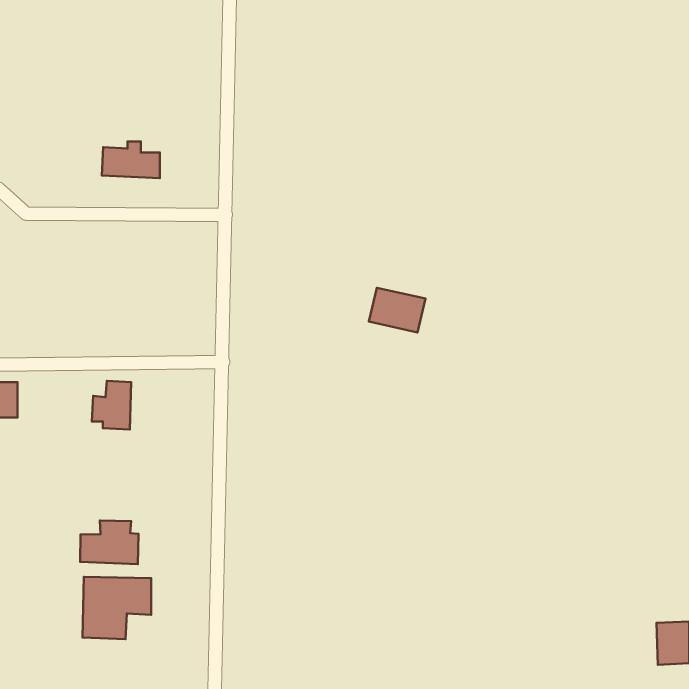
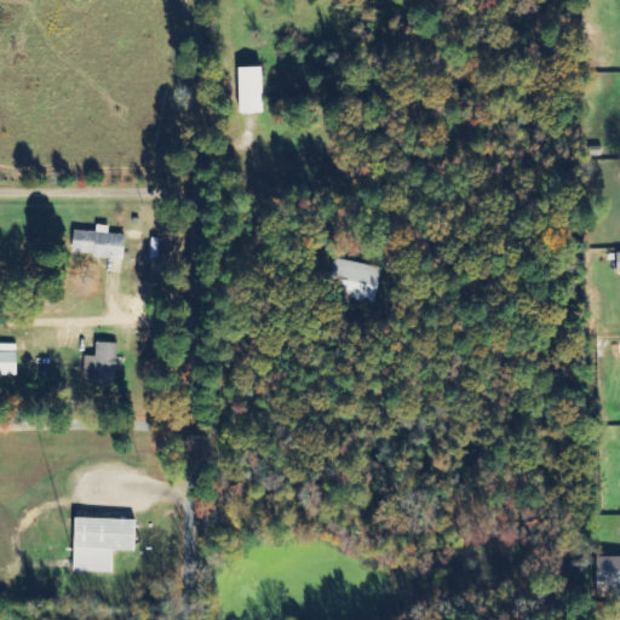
building: none -> [240,65,264,113]
building: [102,142,160,178] -> [73,224,125,257]
building: [80,520,138,564] -> none

